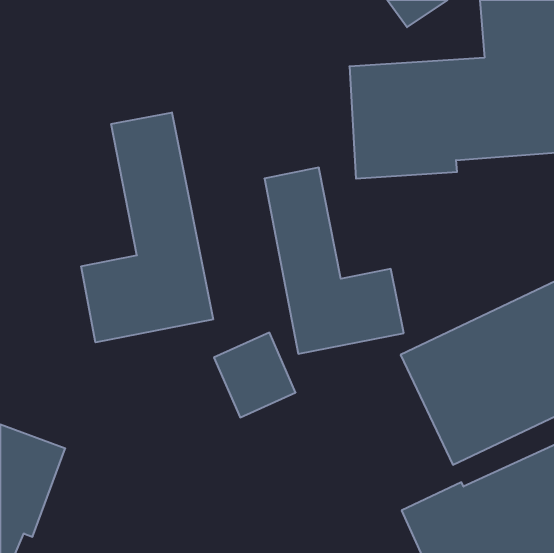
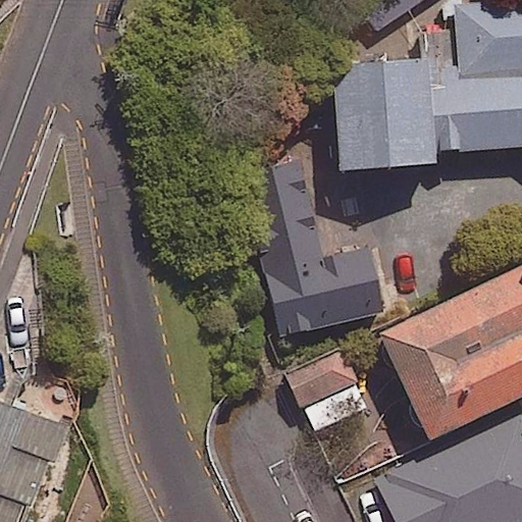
building: [81,112,213,342] -> none
building: [214,333,296,417] -> [290,354,366,433]

